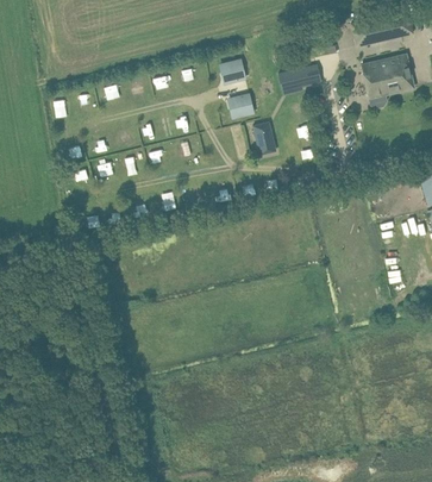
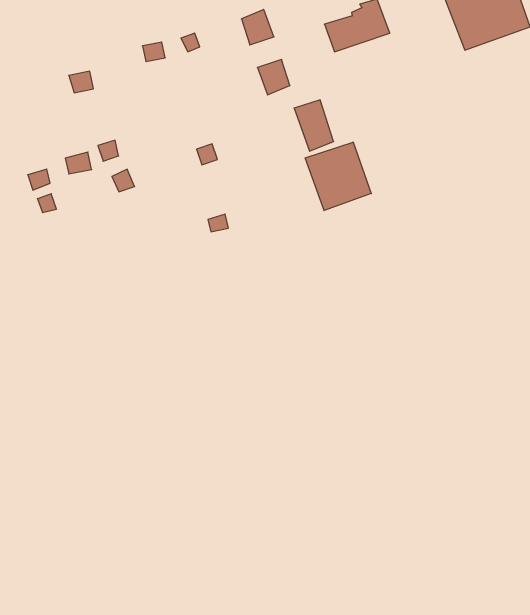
building: none -> [305,142,371,211]

